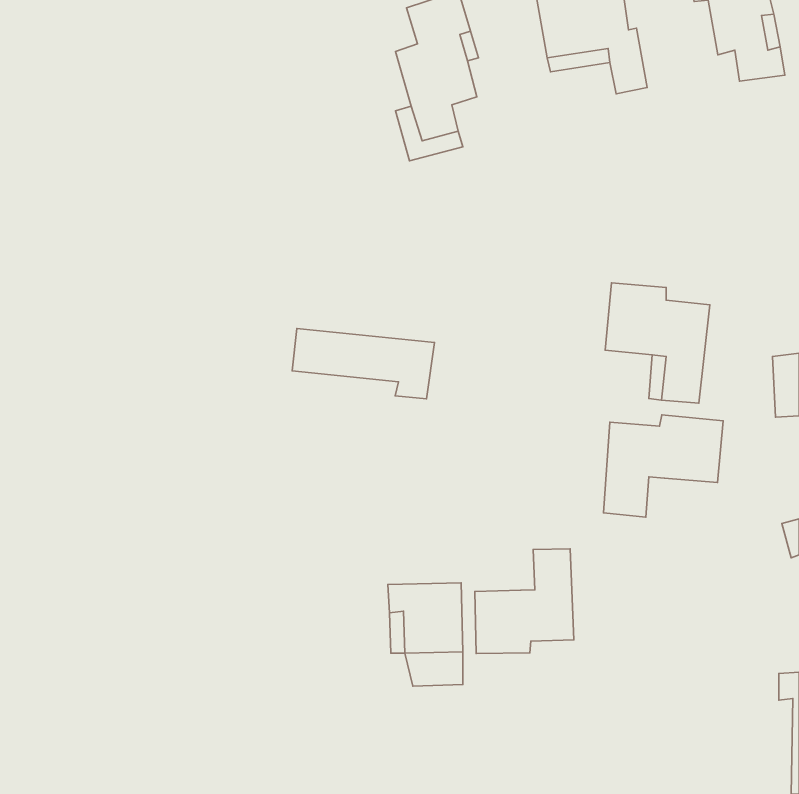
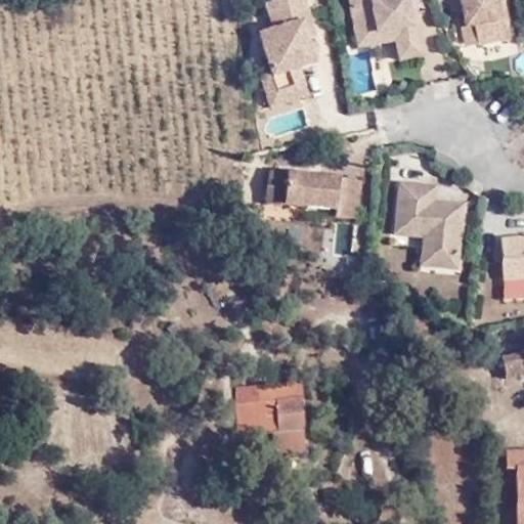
building: [292,329,434,399] -> [264,171,357,217]
building: [604,415,723,517] -> none
building: [475,549,574,654] -> none

